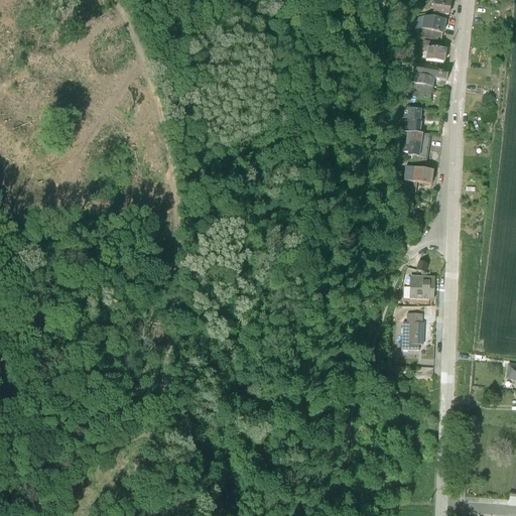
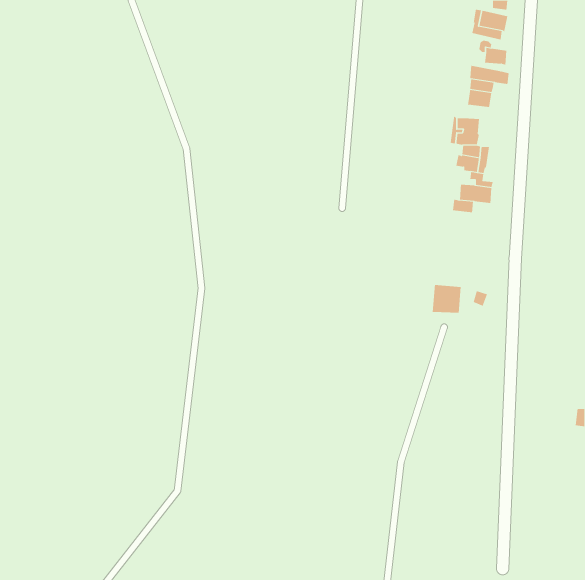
building: [409,275,435,300] -> [432,285,462,313]
building: [406,313,424,345] -> none

